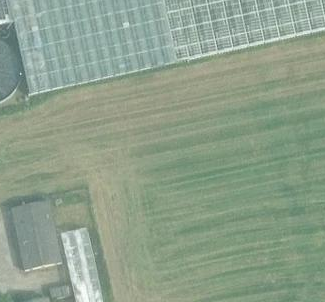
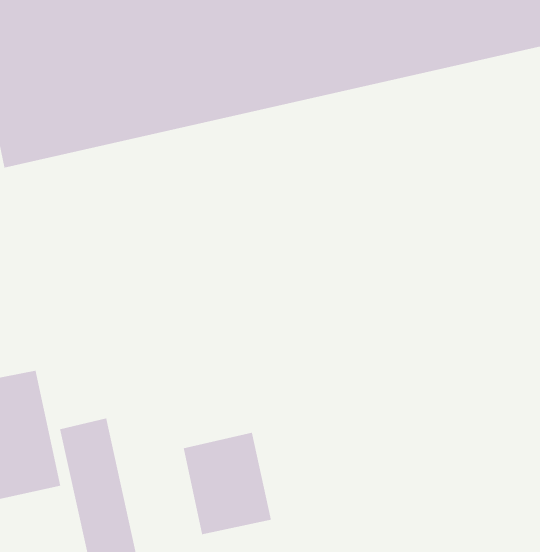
building: none -> [183,432,272,535]

